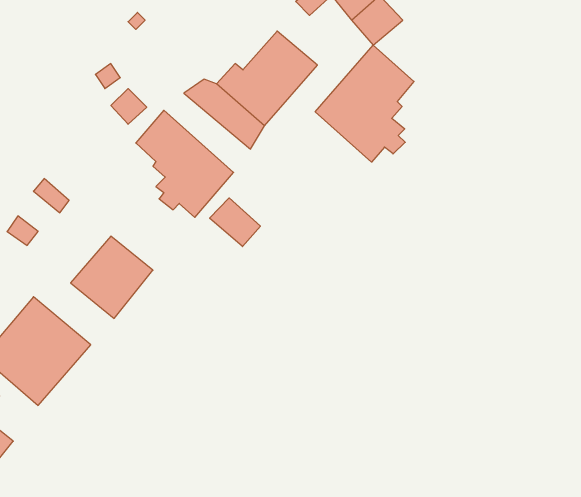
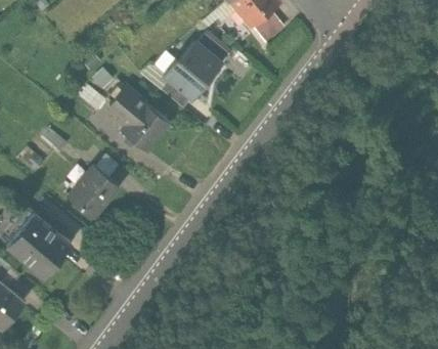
building: [315,45,414,162] -> none
building: [210,198,260,247] -> none

